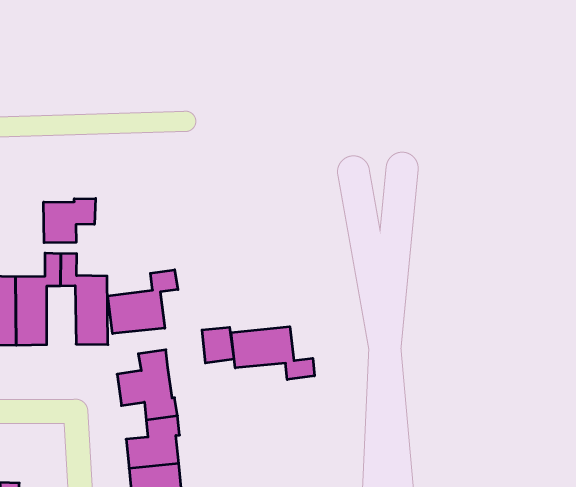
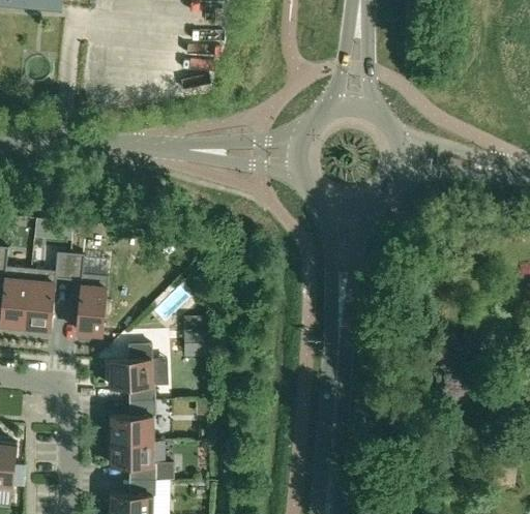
building: [44,198,96,243] -> none
building: [108,270,178,334] -> none
building: [231,327,314,380] -> none

